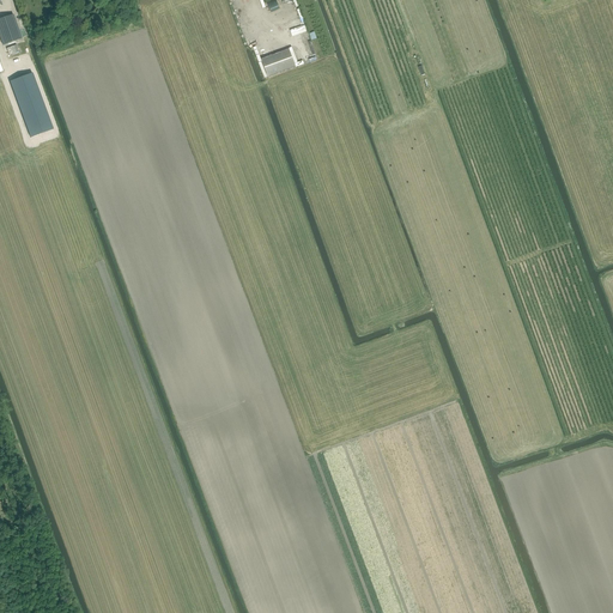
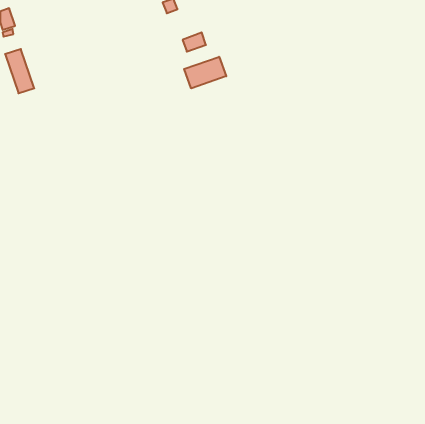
building: none -> [184,57,226,88]

